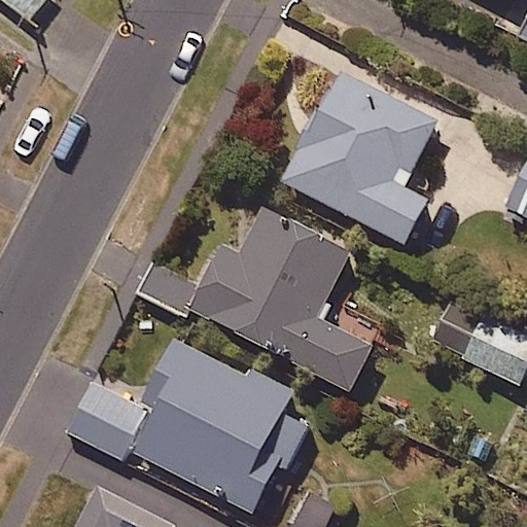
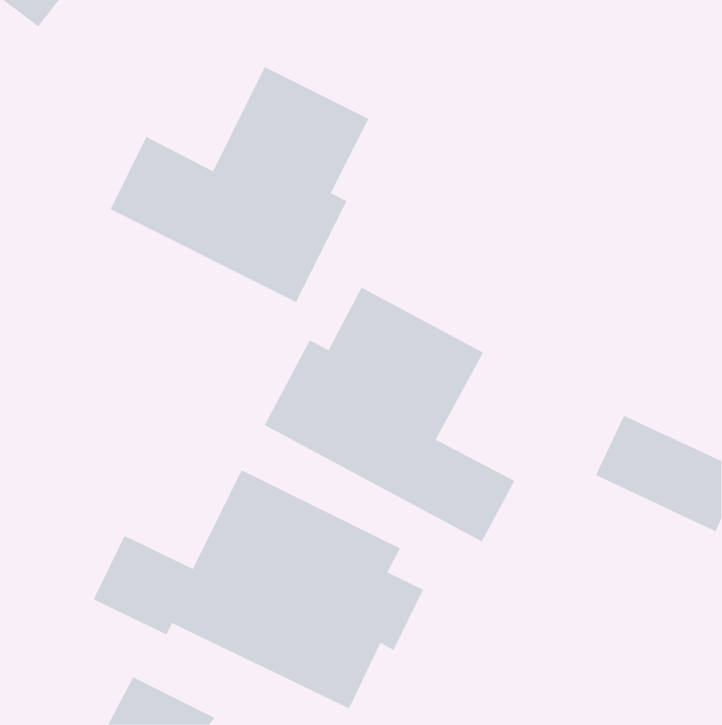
building: none -> [110,66,369,303]
building: [282,64,440,242] -> none

